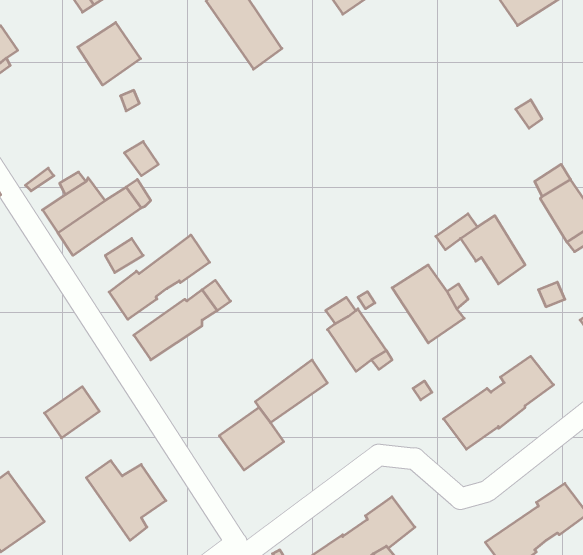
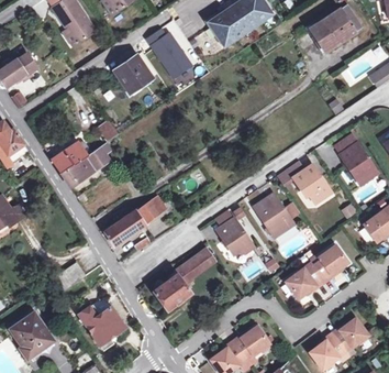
building: [78,22,141,85] -> [115,56,152,92]
building: [109,235,210,319] -> none

